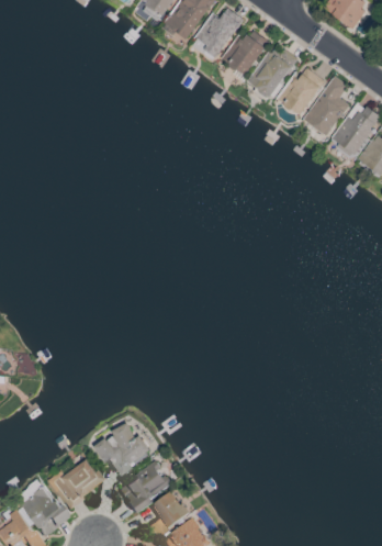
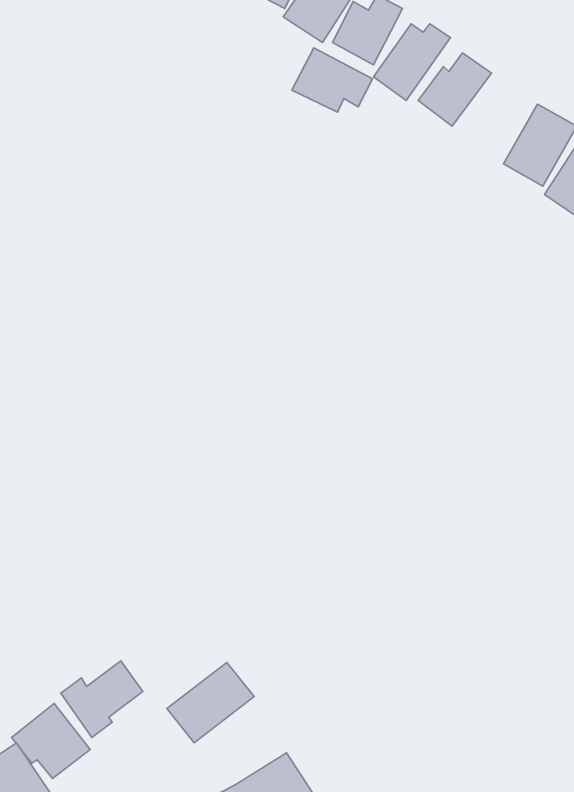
building: none -> [292,48,372,112]
building: [304,76,349,136] -> none
building: [96,422,151,476] -> none
building: [145,491,189,538] -> none

